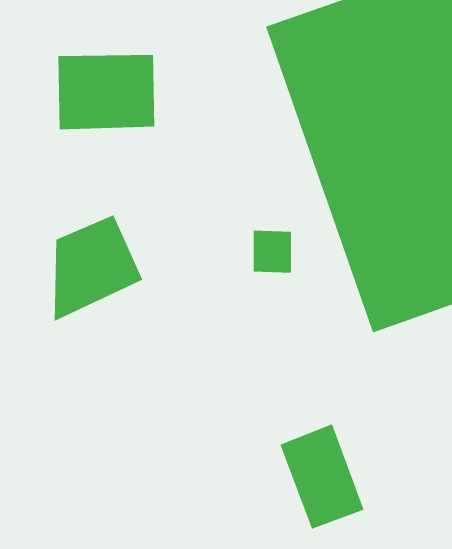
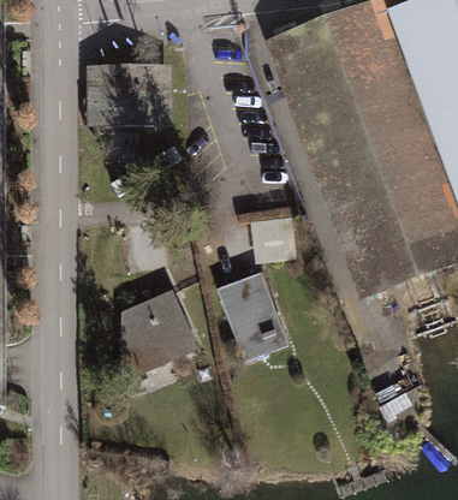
building: [54,214,143,322] -> [124,286,201,379]
building: [279,424,364,529] -> [218,267,291,358]

